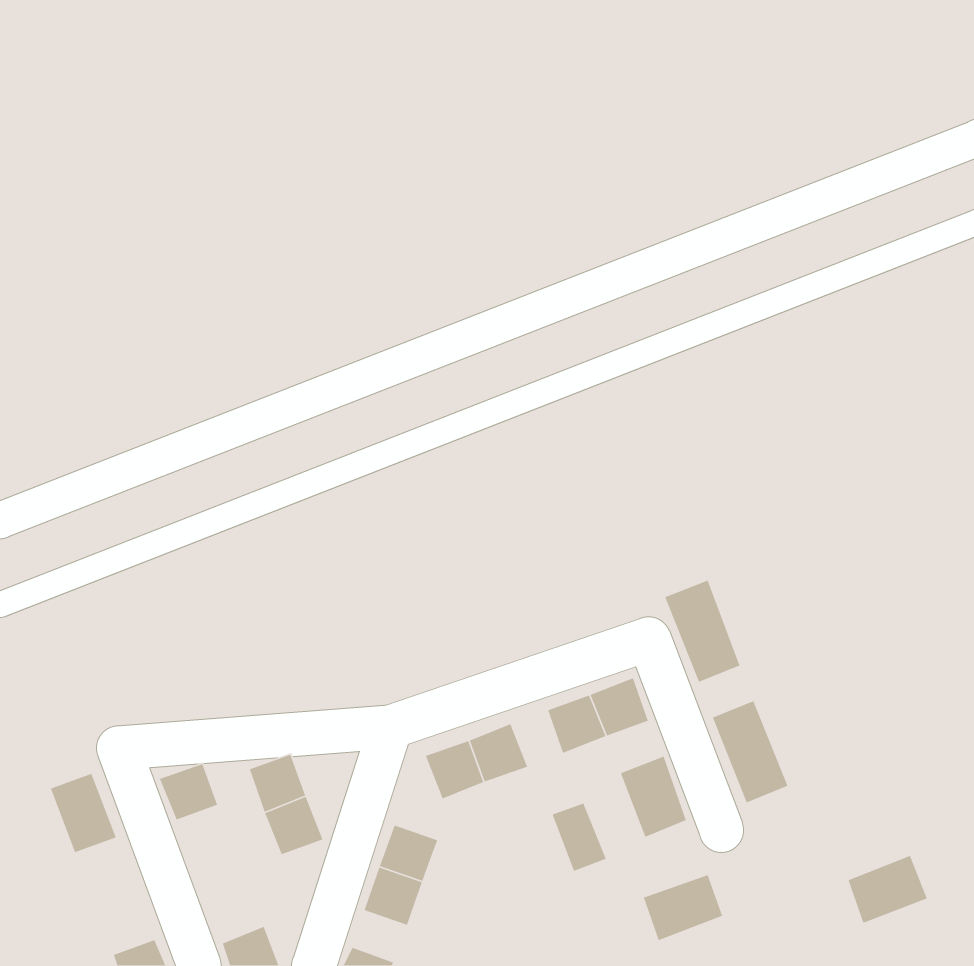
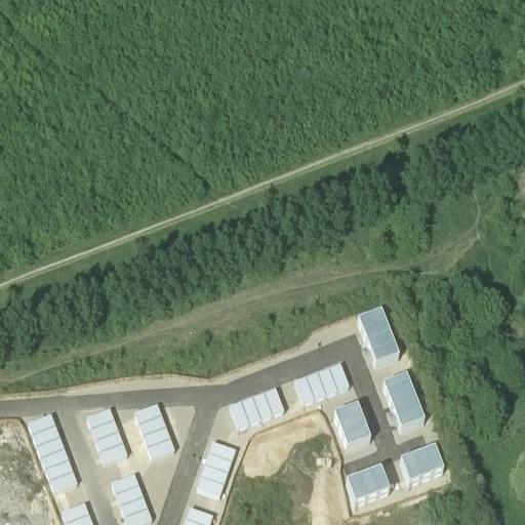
building: [551,803,607,872] -> none
building: none -> [96,432,128,463]
building: none -> [42,449,78,492]
building: [847,855,928,924] -> [401,447,444,484]
building: none -> [112,474,144,506]

